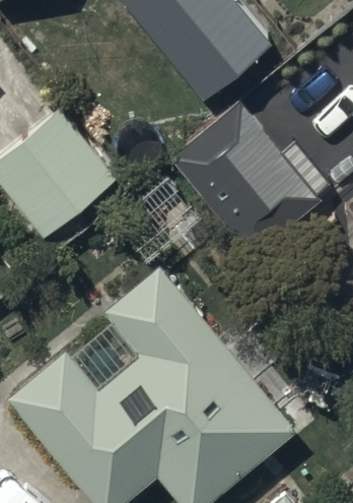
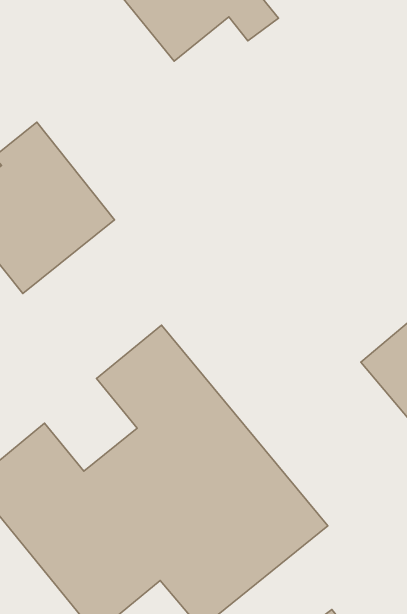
building: [171,103,322,258] -> none

